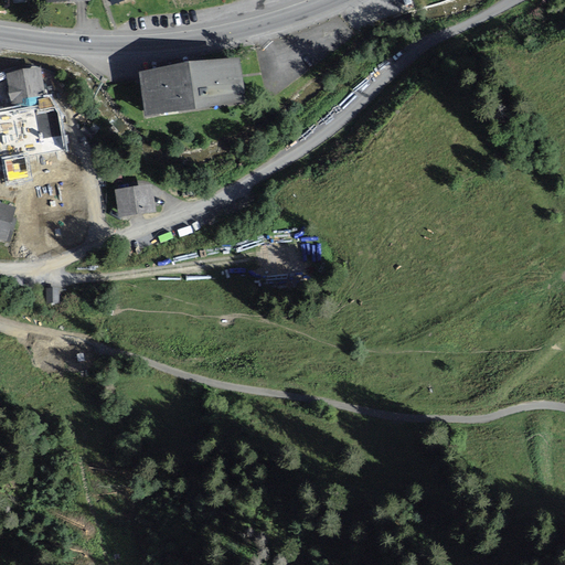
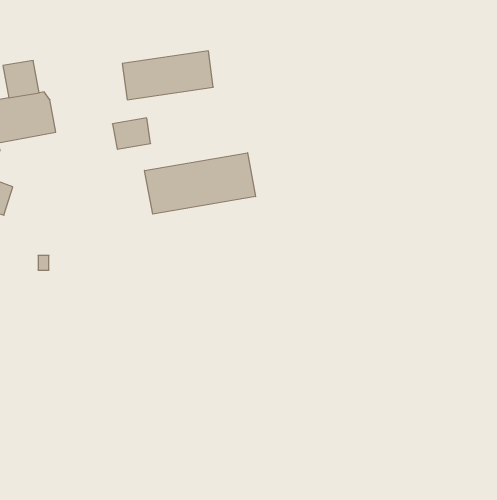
building: none -> [145,153,256,214]
building: [110,182,153,217] -> [112,118,151,149]

